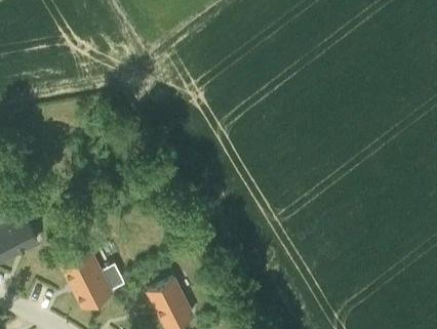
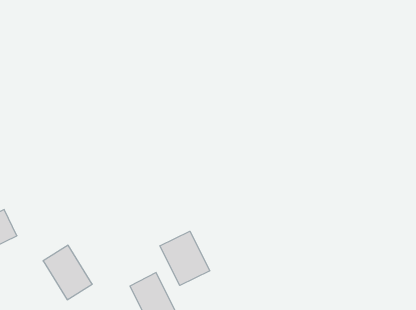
building: none -> [160,231,210,285]

